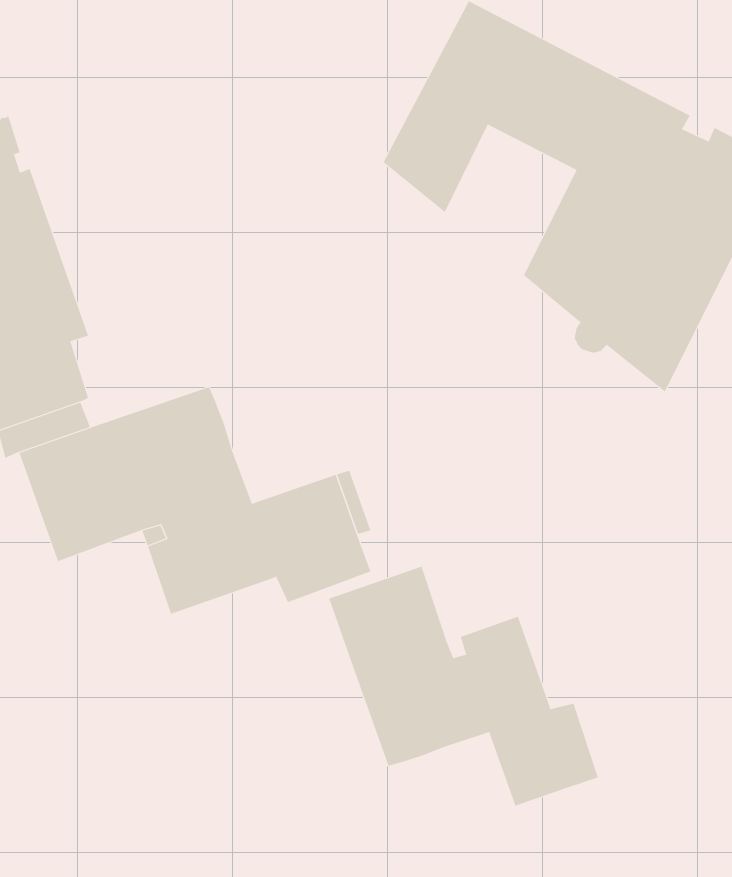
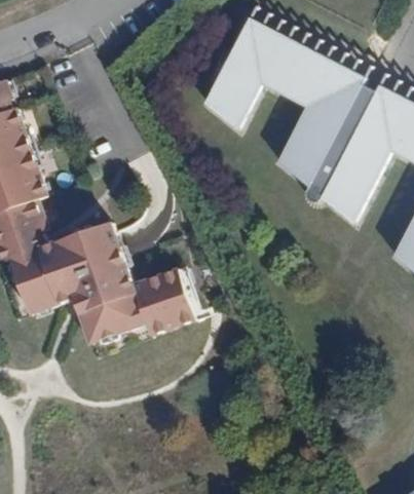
building: [328,566,599,807] -> none

